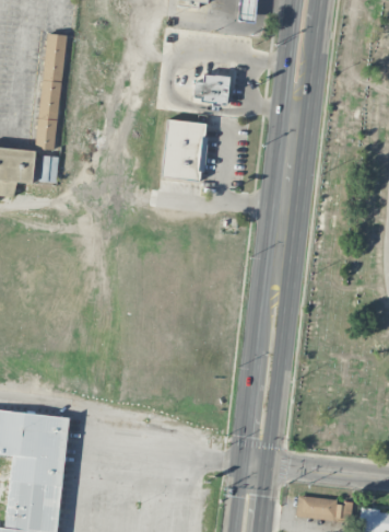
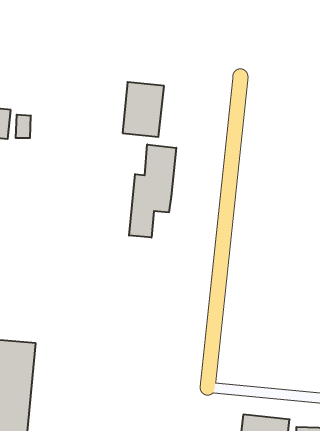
building: [36,32,67,149] -> none
building: [200,72,234,105] -> none
building: none -> [129,144,176,238]

